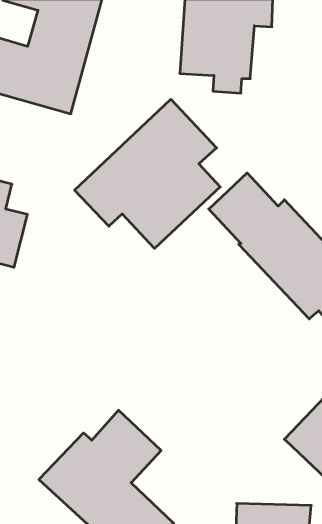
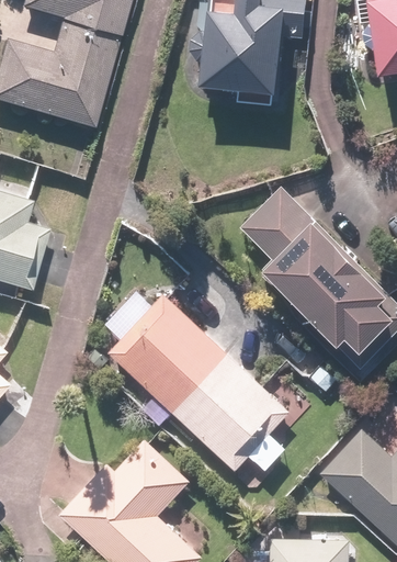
building: [75,99,220,248] -> none
building: none -> [109,292,293,472]

